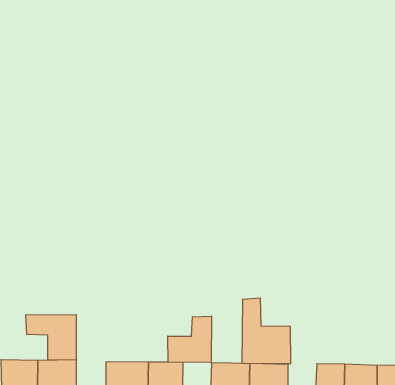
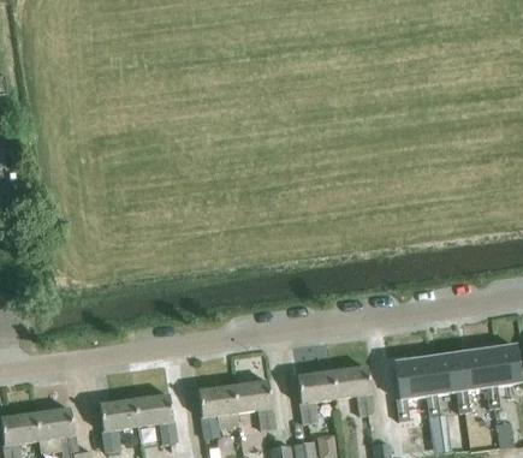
building: [242,298,290,364] -> none
building: [26,315,76,360] -> none
building: [168,316,211,363] -> none

